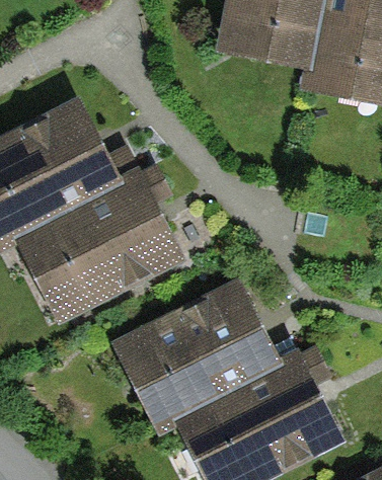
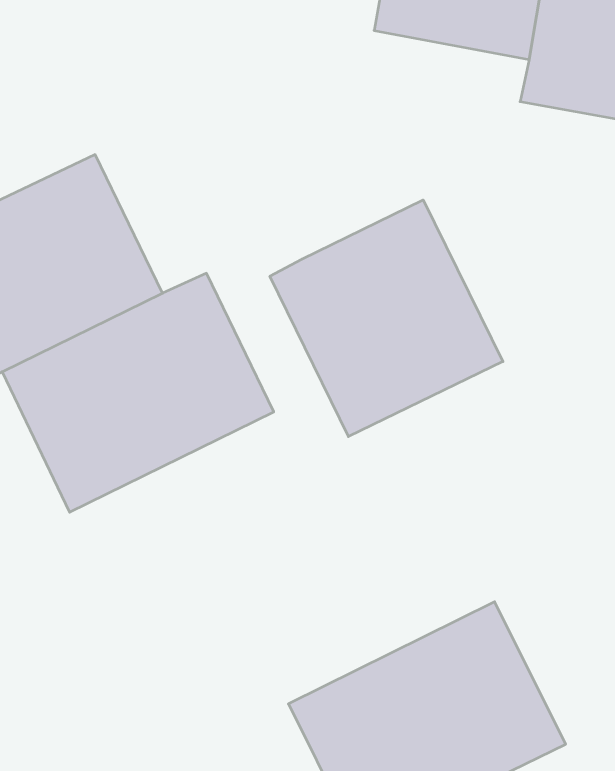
building: none -> [270,200,503,437]
building: [124,292,276,426] -> none

